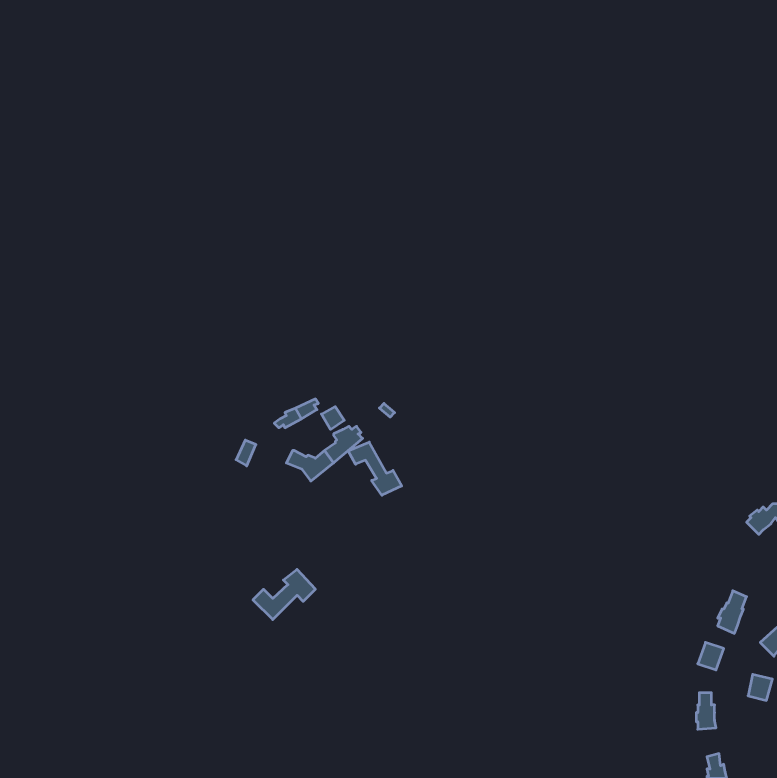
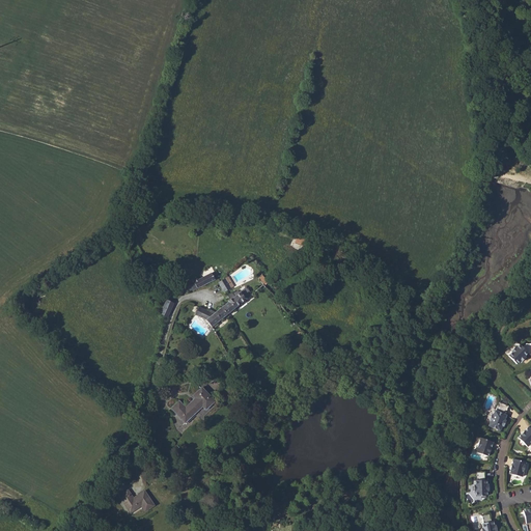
building: [348,442,402,495] -> none
building: none -> [120,490,155,512]

